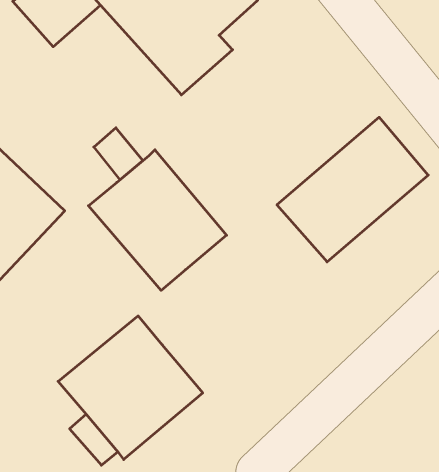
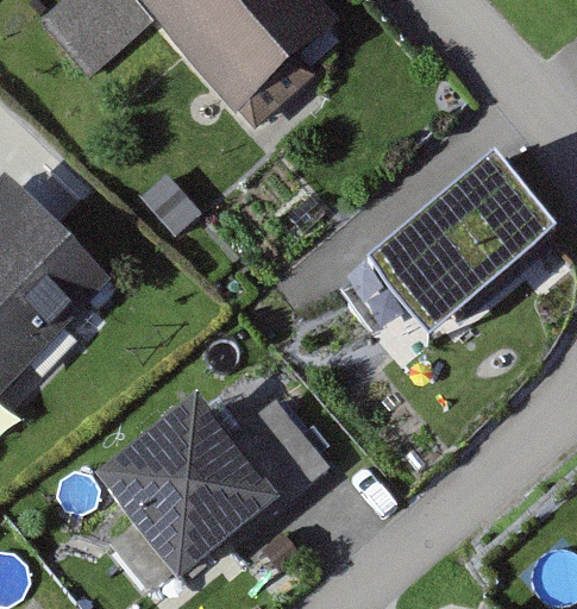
building: [88,150,227,290] -> none
building: none -> [226,395,326,495]

